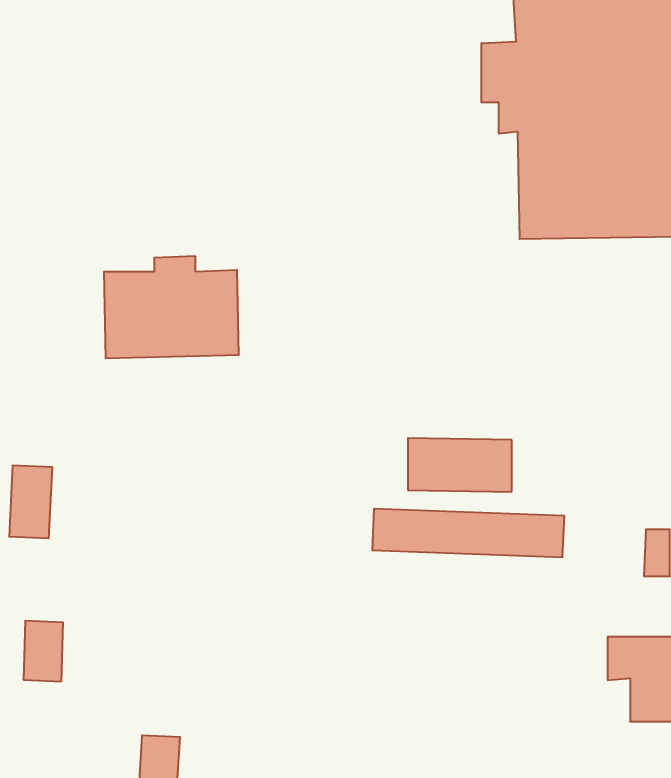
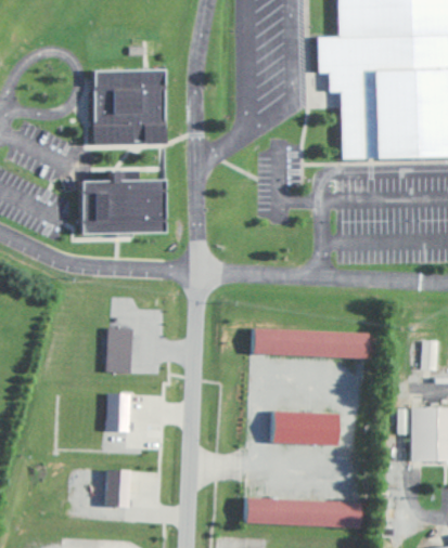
building: none -> [92,68,166,145]
building: [408,438,512,492] -> [274,412,340,445]
building: [9,465,52,538] -> [104,328,131,374]
building: [23,621,63,681] -> [104,394,129,432]

